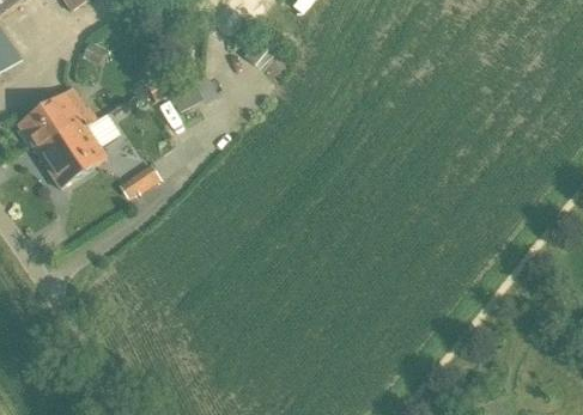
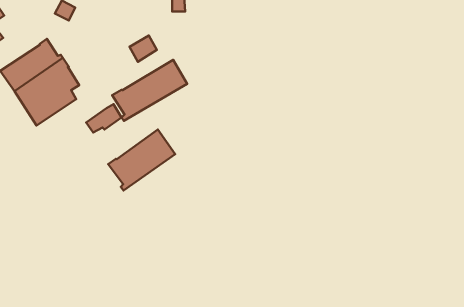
building: none -> [112,60,187,121]
building: none -> [108,129,175,191]

